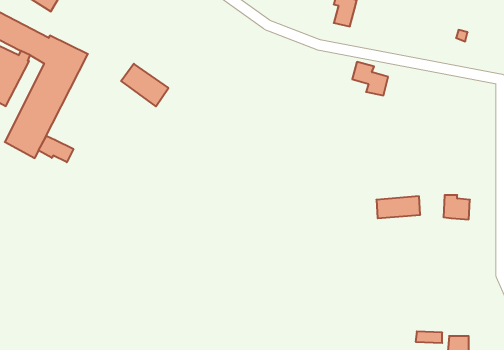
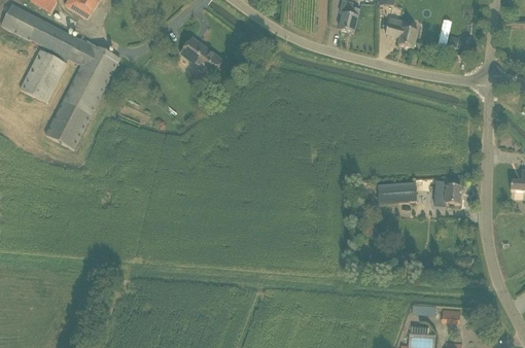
building: [352,62,388,95] -> [385,16,417,46]
building: [121,64,168,106] -> [180,37,222,75]
building: [39,136,73,162] -> none

